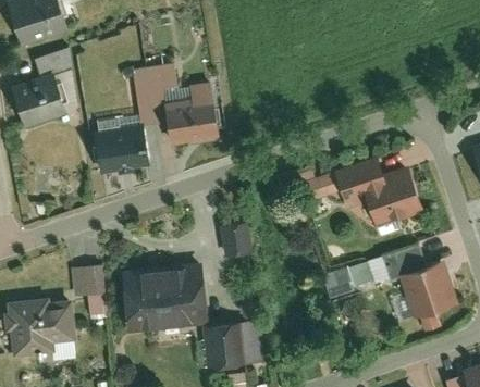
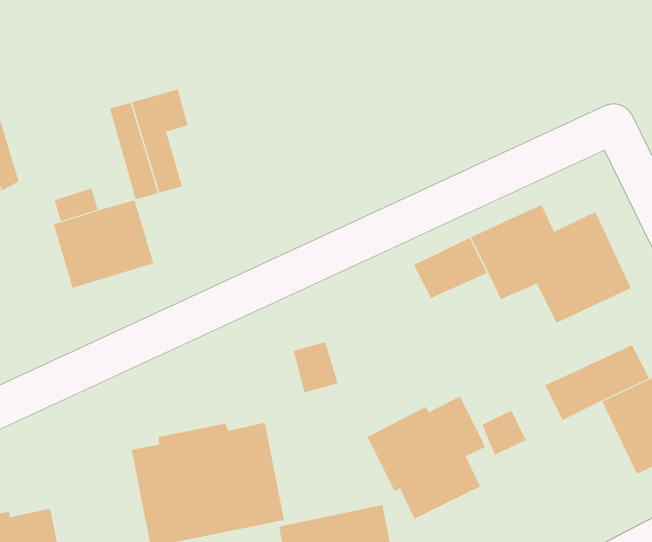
building: [165,83,219,143] -> none
building: none -> [367,395,486,520]
building: [72,266,106,298] -> none

